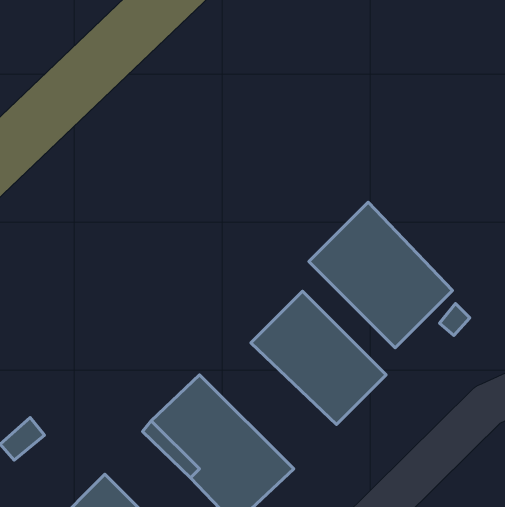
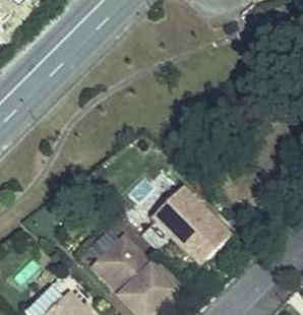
building: [309,202,453,348] -> none

